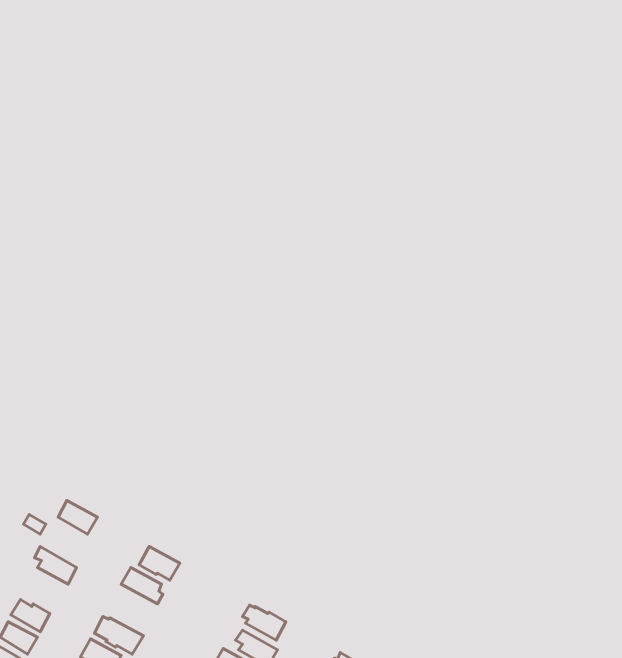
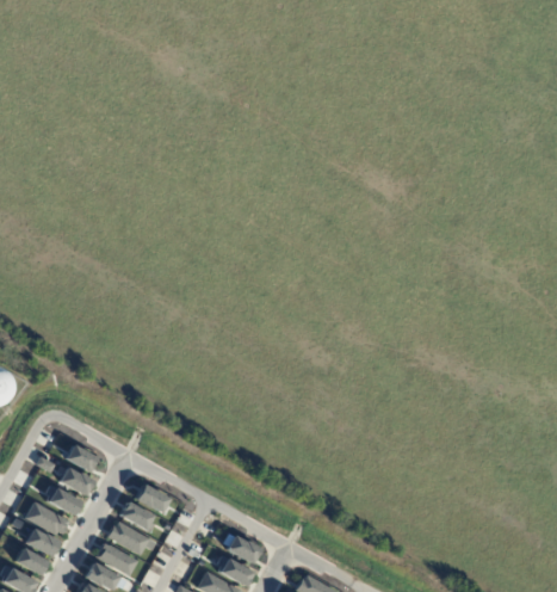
building: none -> [58,467,94,495]
building: none -> [25,501,70,535]
building: none -> [107,522,149,555]

